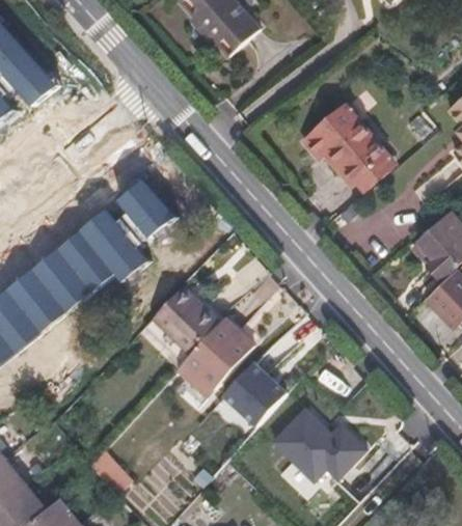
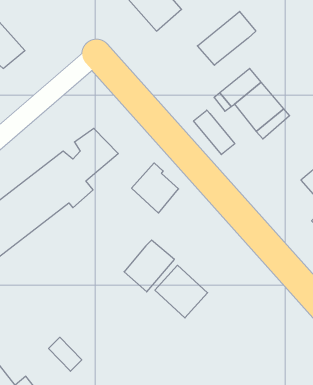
building: none -> [197,11,256,65]
building: none -> [194,110,235,155]
building: [152,298,212,362] -> [132,163,179,213]
building: [267,402,368,481] -> none

